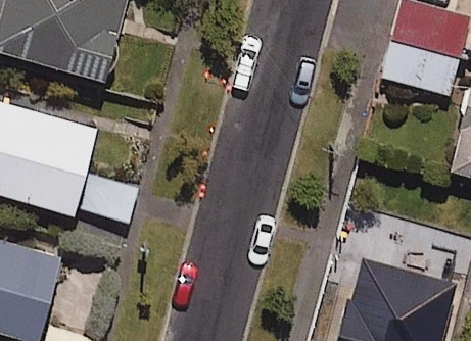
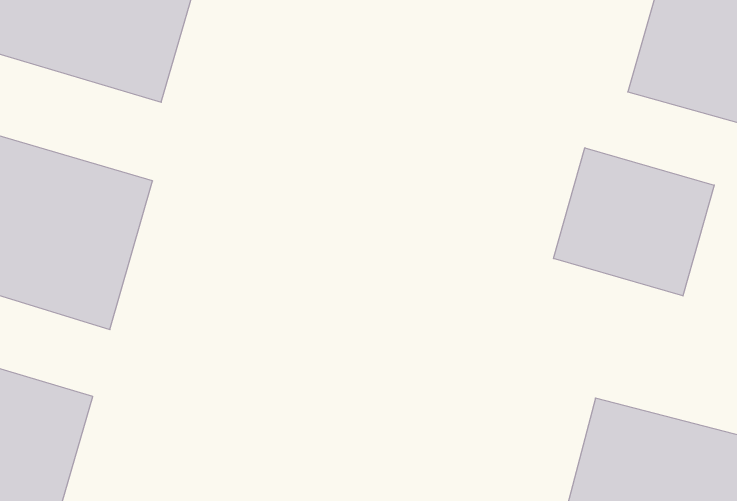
building: none -> [554,148,714,296]

